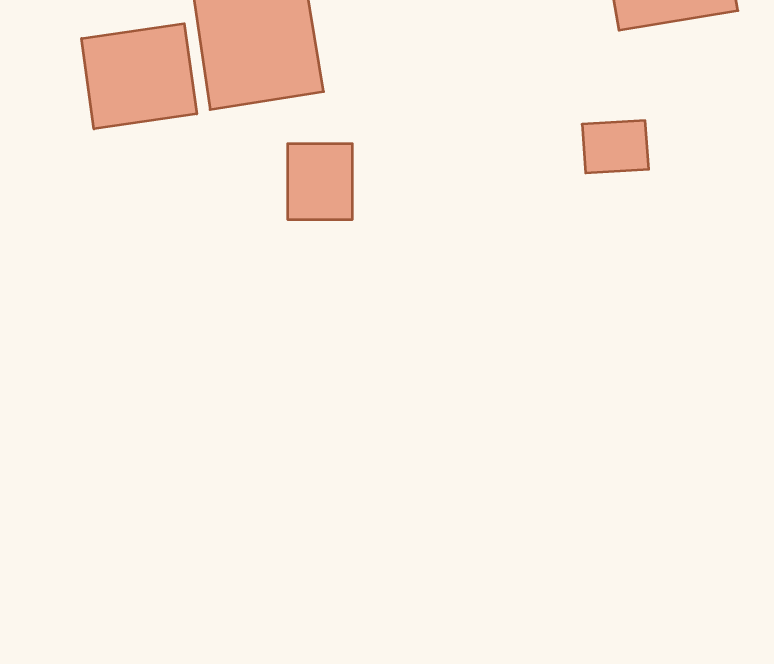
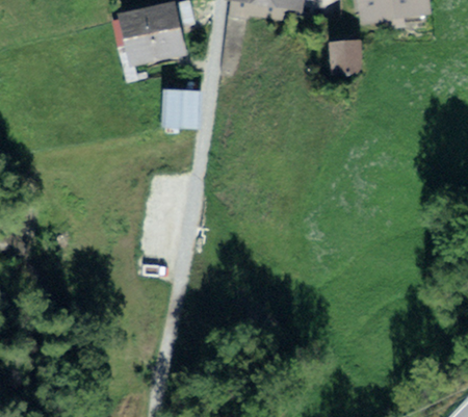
building: [82,24,197,129] -> none
building: [582,121,649,173] -> [327,40,365,70]

